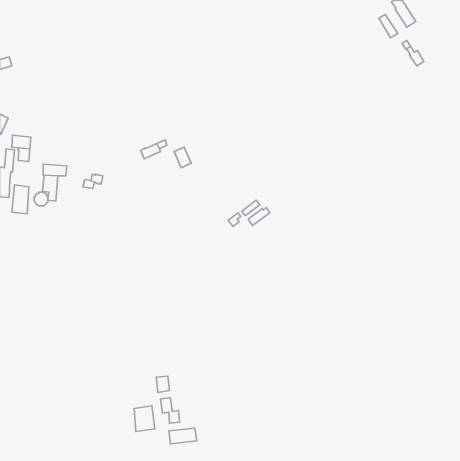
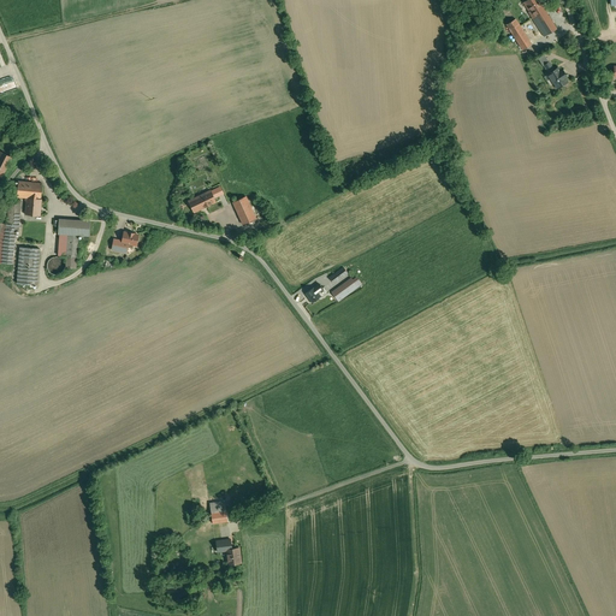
building: [134,406,155,432] -> none
building: [169,428,197,444] -> none

